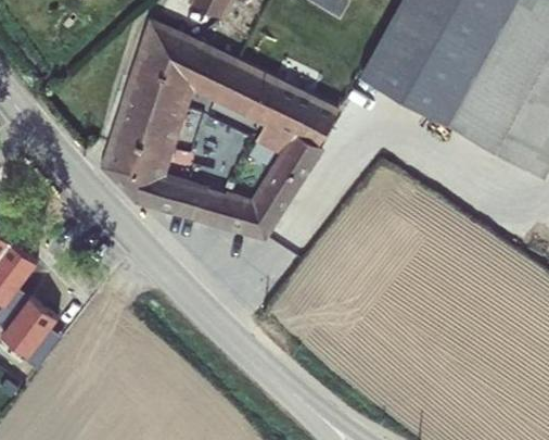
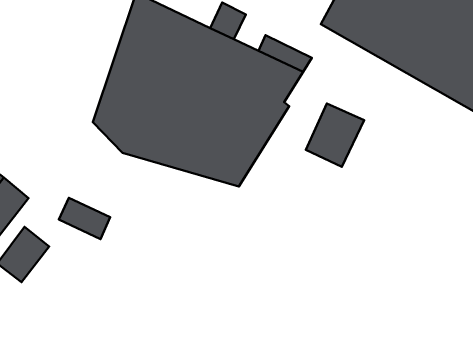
building: none -> [306,104,364,167]
building: none -> [59,198,110,239]

